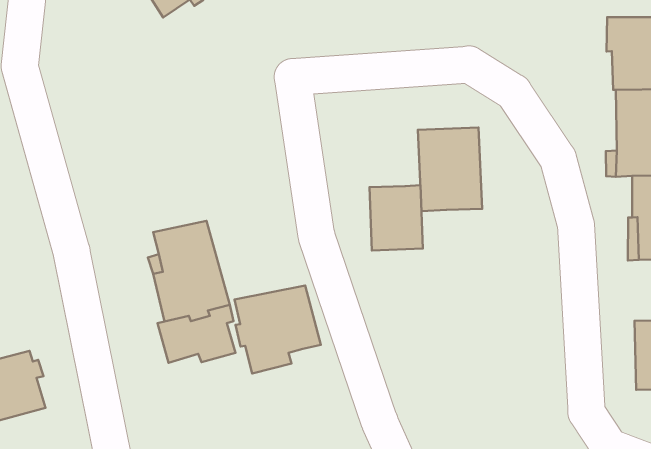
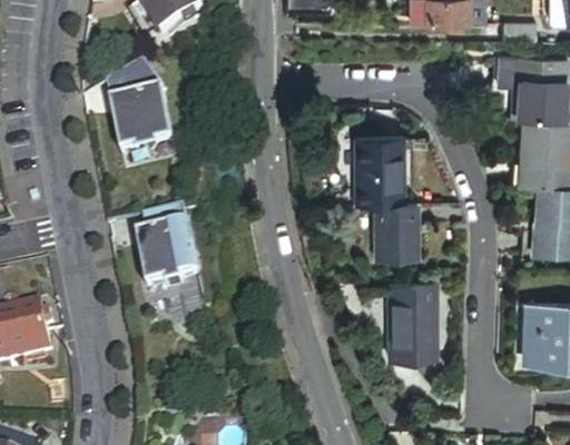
building: none -> [106,62,173,154]
building: [369,185,423,250] -> [376,206,419,258]
building: [234,285,321,374] -> none
building: none -> [386,293,439,369]

